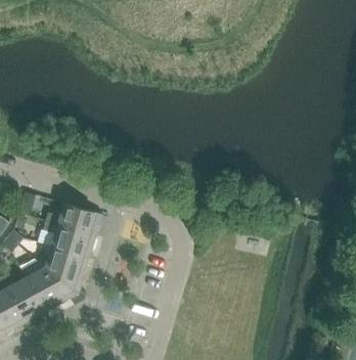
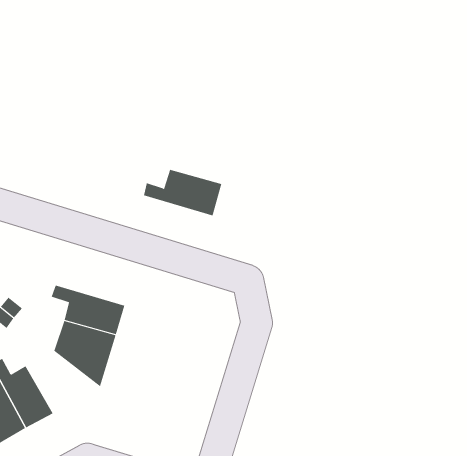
building: [45,204,100,236] -> [143,169,222,216]
building: [25,268,77,312] -> none

